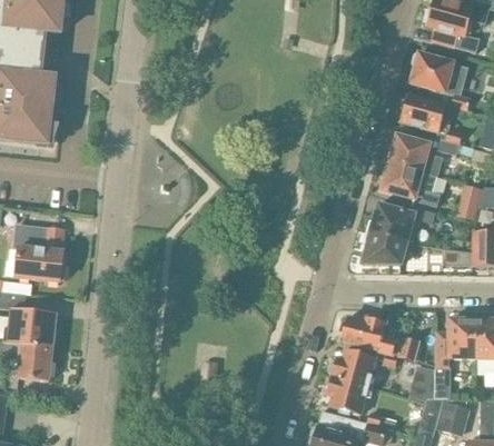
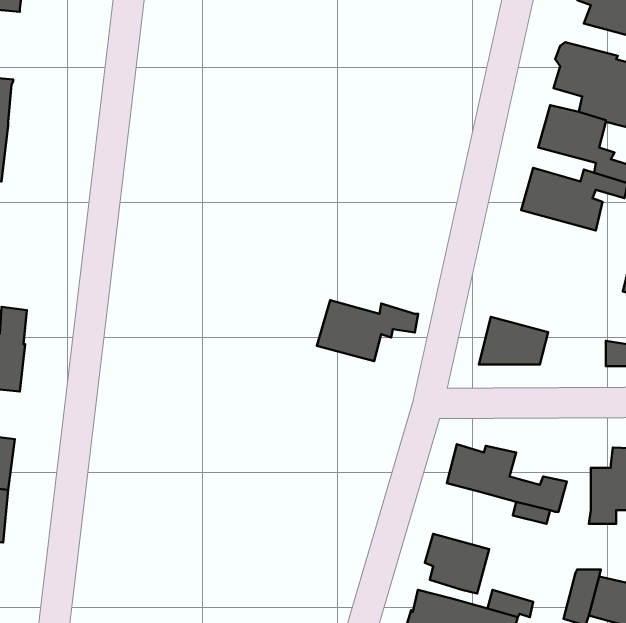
building: [382,162,441,207] -> none
building: [369,202,436,242] -> [317,300,418,361]
building: [332,348,376,385] -> none
building: [408,364,434,400] -> none

